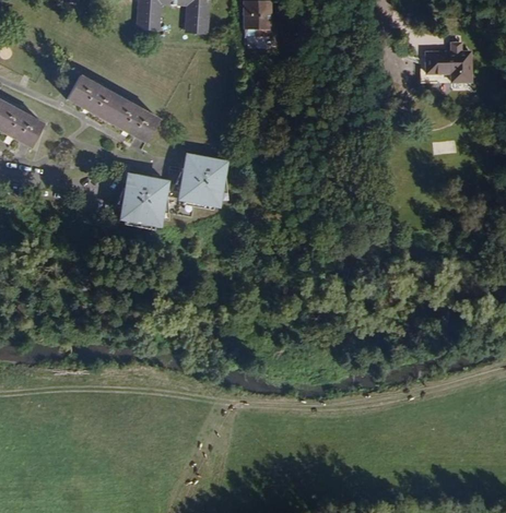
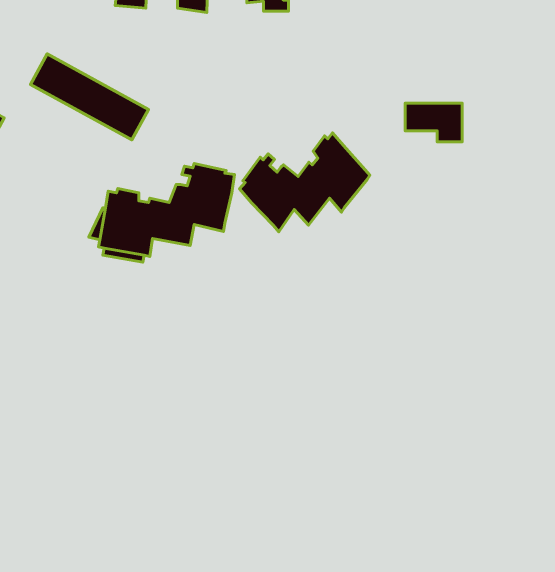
building: [421,53,466,84] -> [405,103,462,142]
building: none -> [240,133,370,232]

